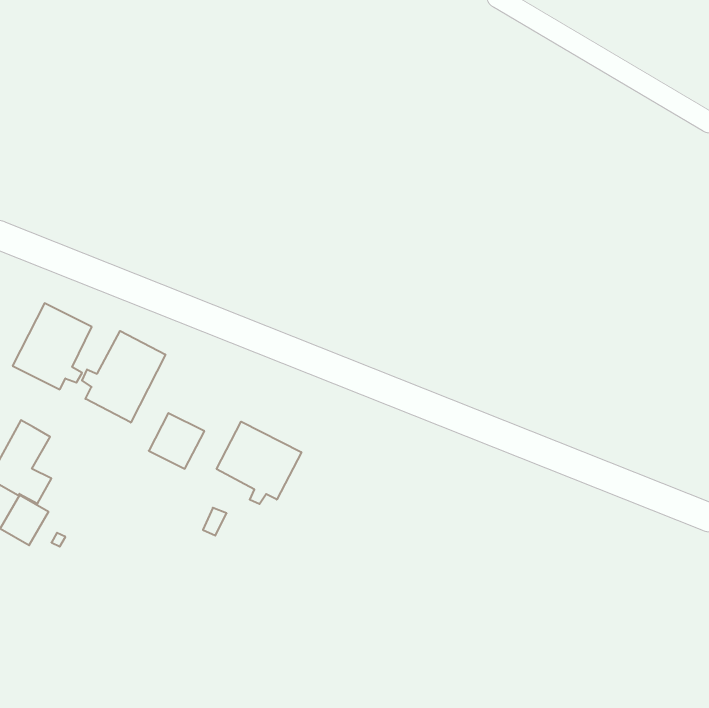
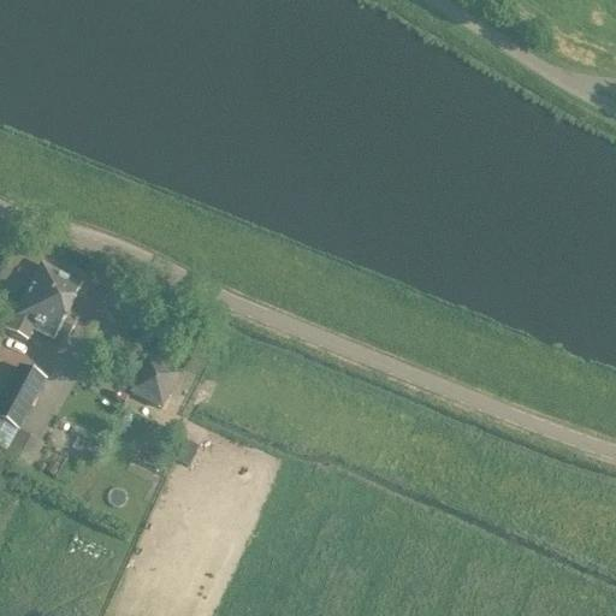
building: [82,331,165,423] -> none
building: [217,422,301,504] -> none

